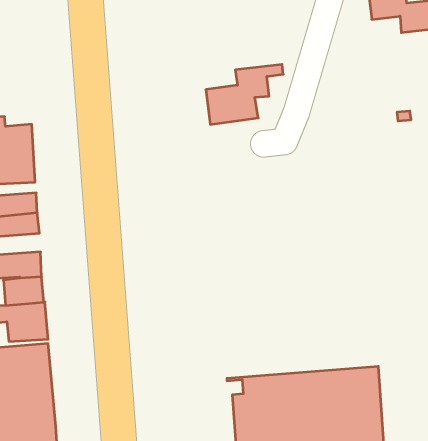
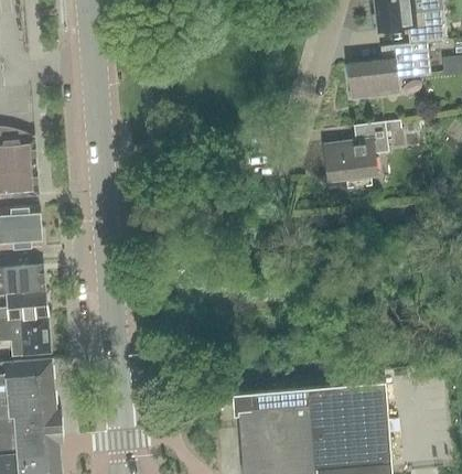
building: none -> [347,41,430,97]
building: [206,64,283,124] -> [323,119,401,180]

